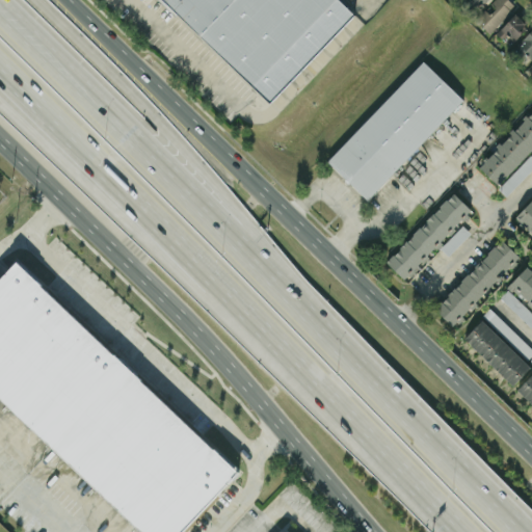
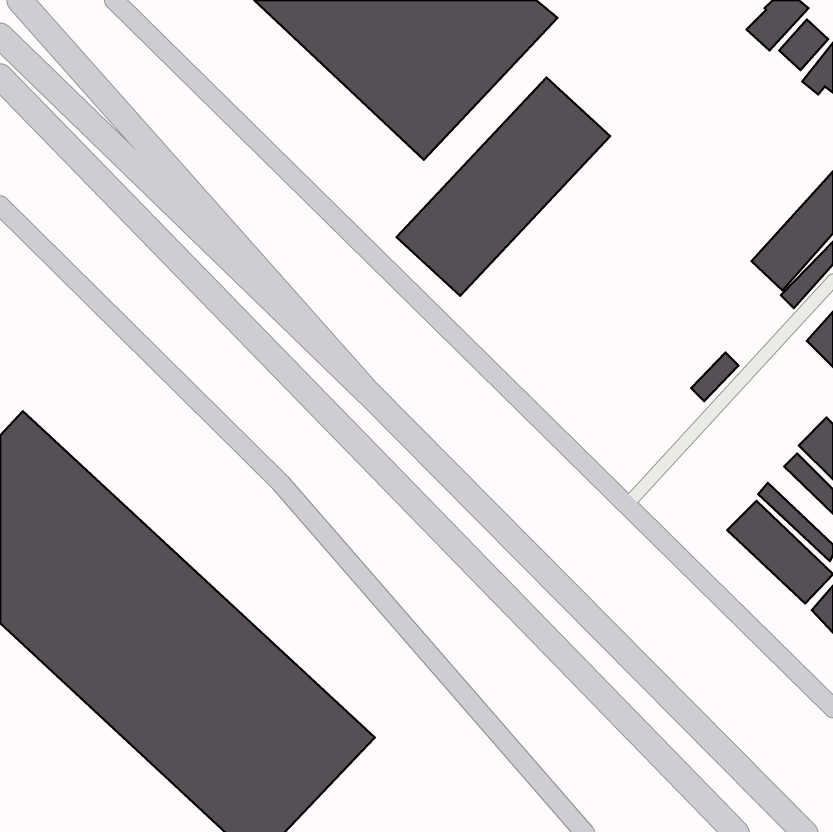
building: [327,61,463,201] -> [397,77,610,296]
building: [385,193,472,280] -> none
building: [434,240,520,326] -> none

